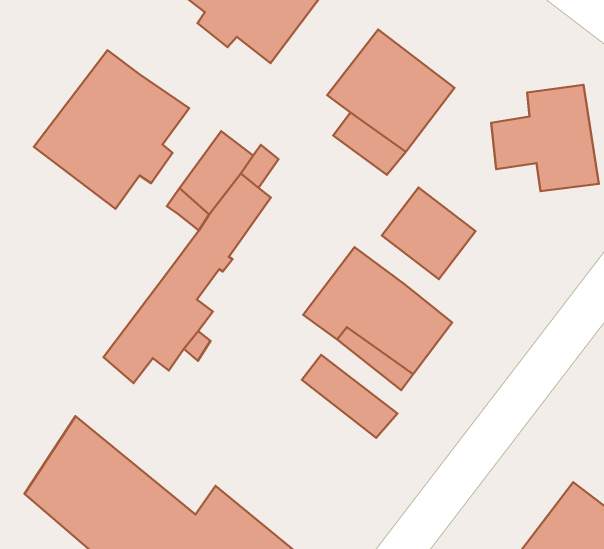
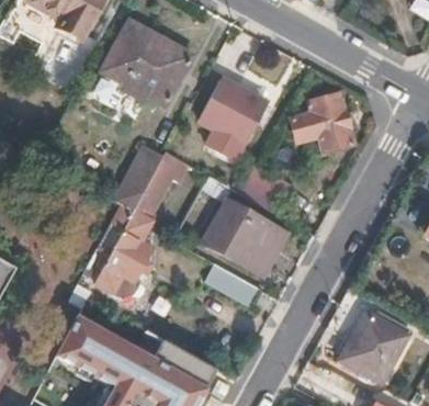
building: [34,50,189,209] -> none

